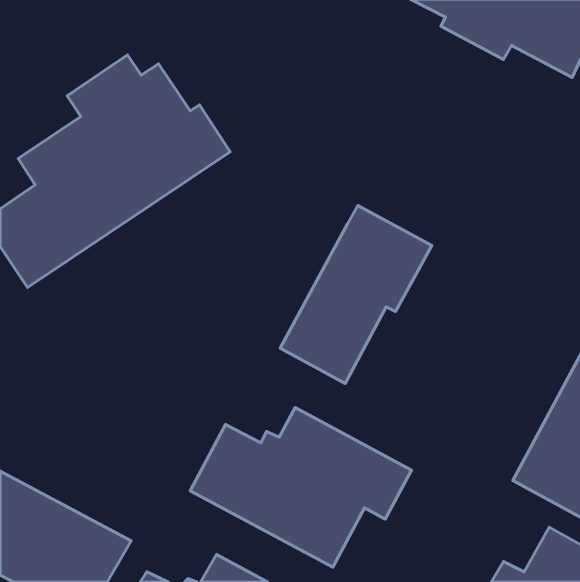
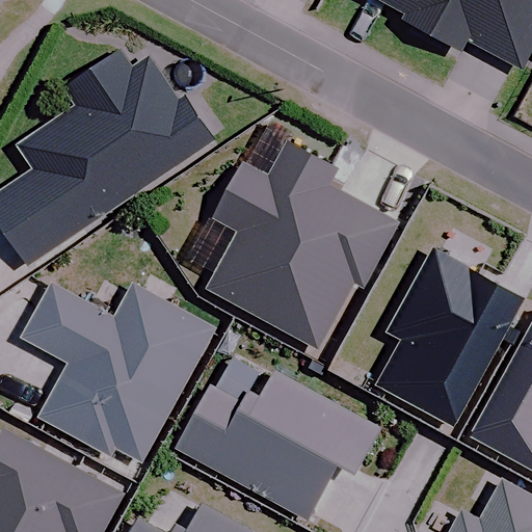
building: none -> [205,141,338,317]
building: none -> [377,249,522,425]
building: none -> [21,284,212,460]

